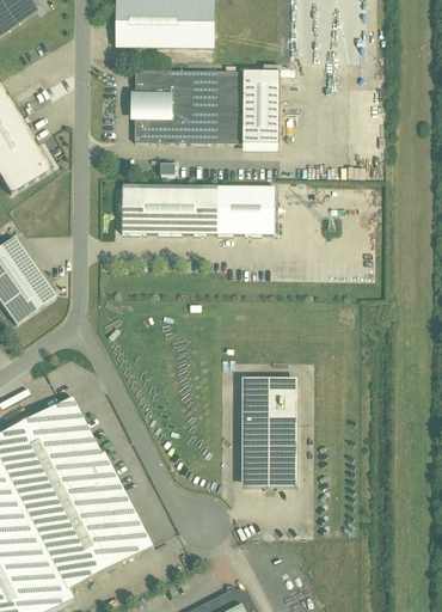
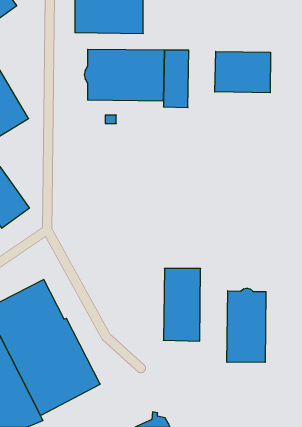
building: none -> [215,51,270,93]
building: [122,184,276,233] -> none
building: none -> [227,288,266,362]

